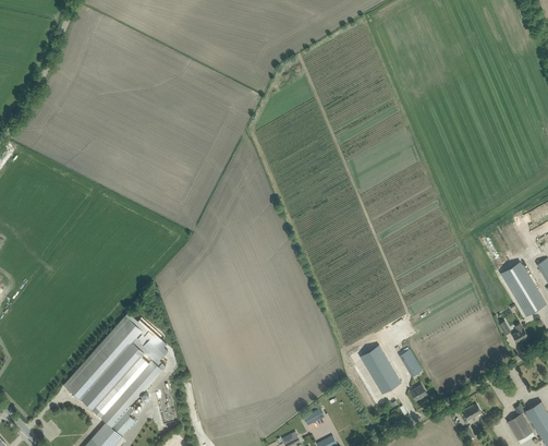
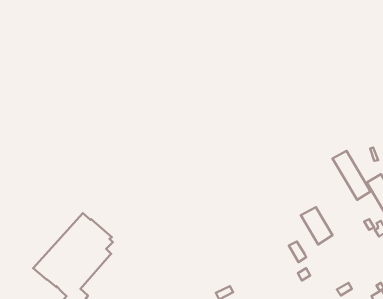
building: none -> [332,151,371,200]
building: [360,346,401,395] -> [301,207,332,244]

